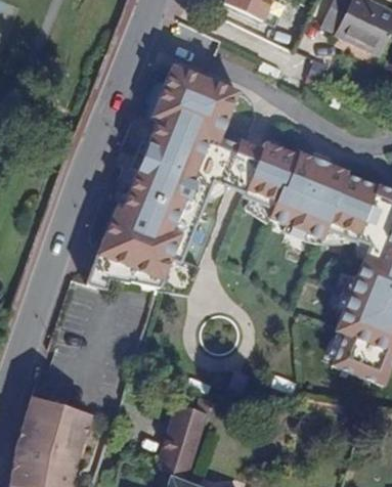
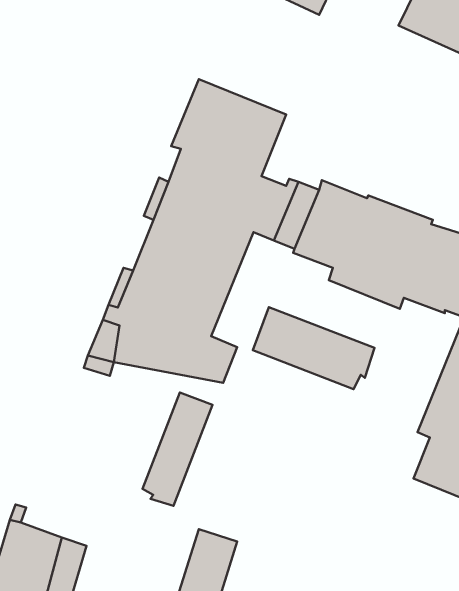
building: none -> [253,307,374,389]
building: none -> [143,393,212,506]

